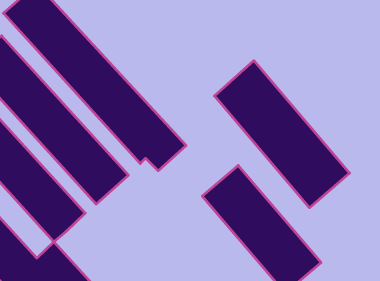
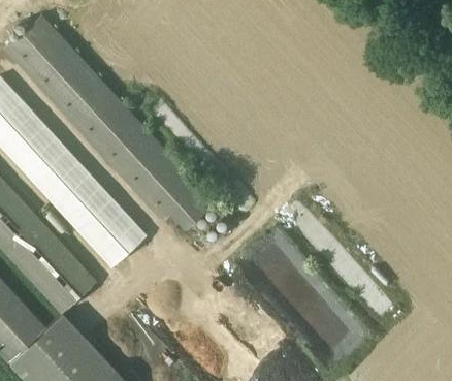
building: [214,61,350,208] -> none

